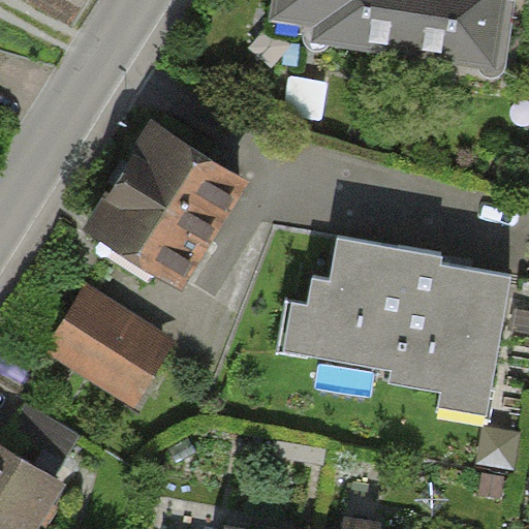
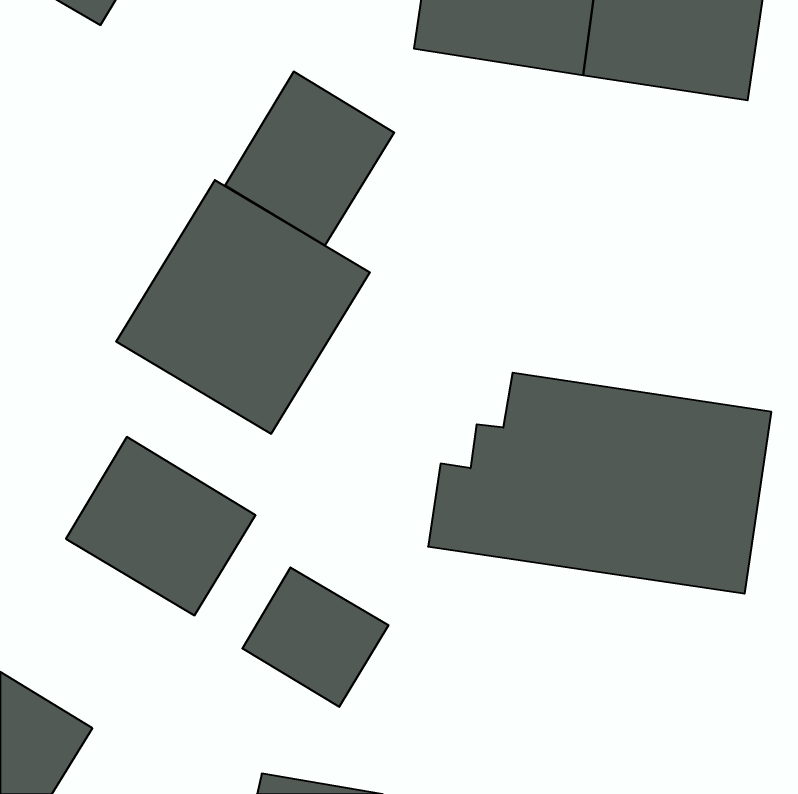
building: none -> [225,71,394,246]
building: none -> [242,567,388,707]

